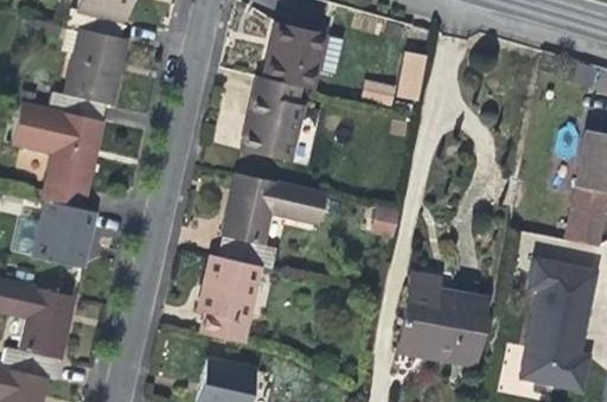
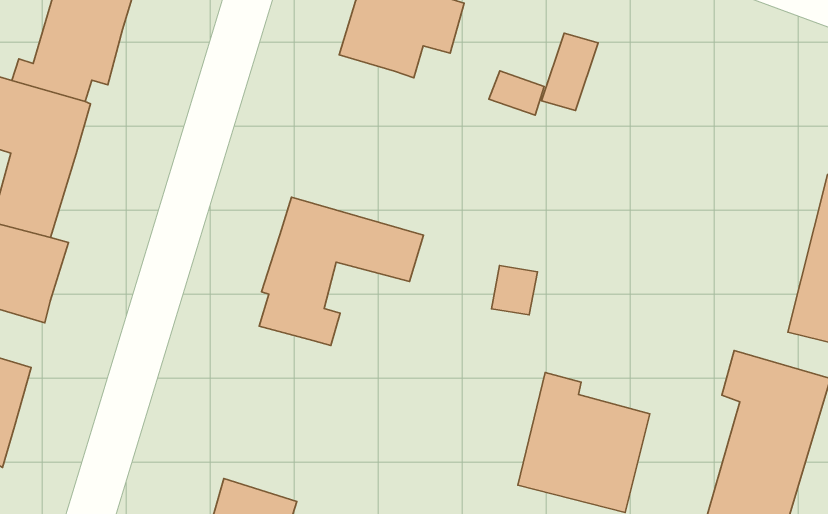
building: [239,76,302,159] -> none
building: [197,255,257,343] -> none

